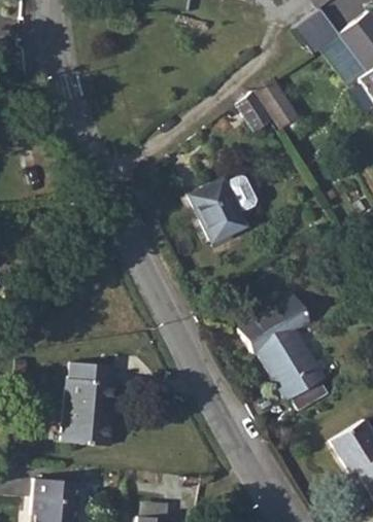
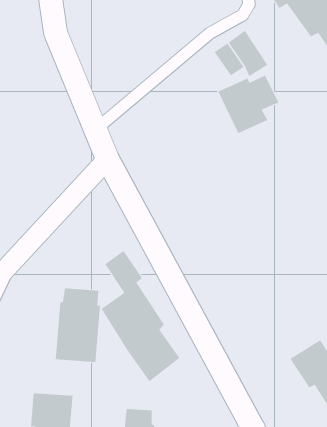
building: [188,176,257,242] -> [218,75,279,134]
building: [240,295,325,401] -> none
building: none -> [101,250,180,382]

